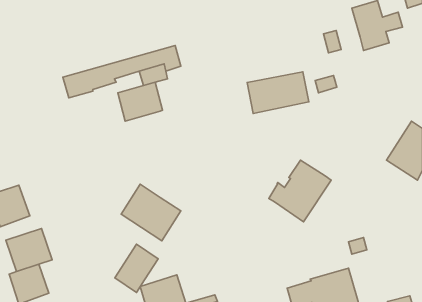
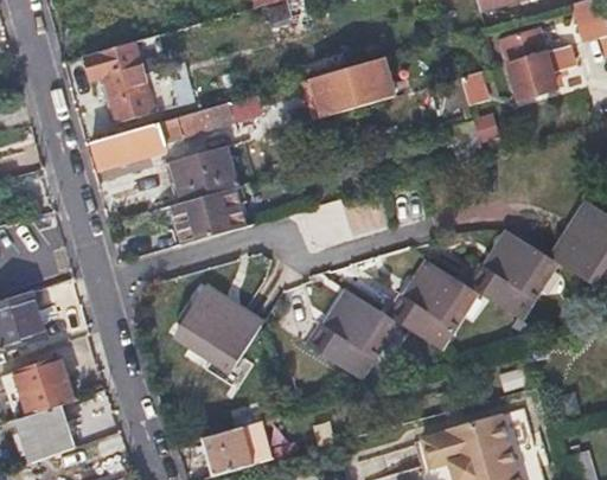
building: none -> [83,41,158,123]
building: [247,72,309,113] -> [315,62,403,121]
building: none -> [174,188,242,243]
building: none -> [467,231,555,314]
building: none -> [306,289,395,375]
building: [115,244,158,292] -> none

